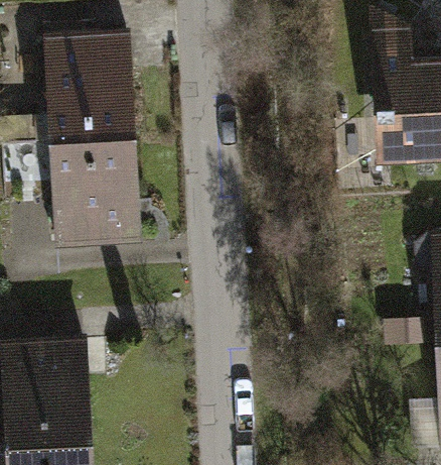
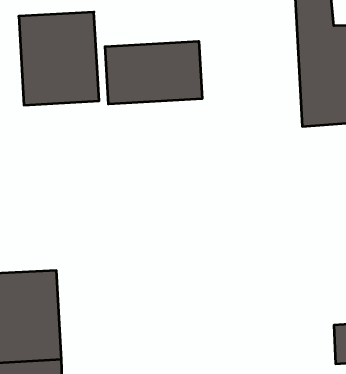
building: none -> [105,41,202,104]
building: [48,136,143,246] -> none

